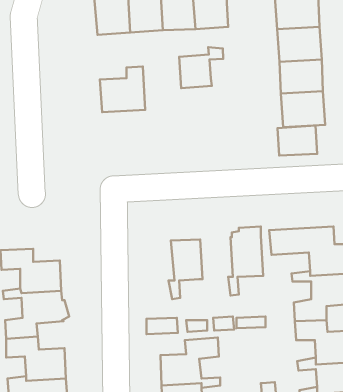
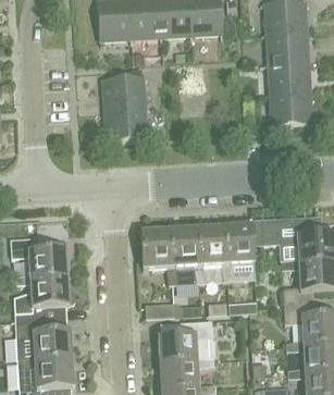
building: [179,47,223,88] -> none
building: none -> [103,108,146,140]
building: [278,125,317,156] -> none
building: none -> [194,226,225,282]
building: none -> [139,230,171,268]

